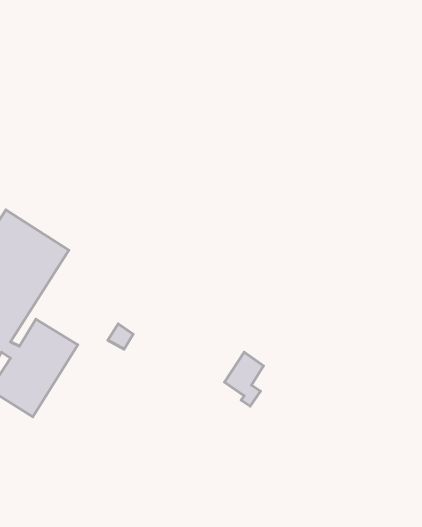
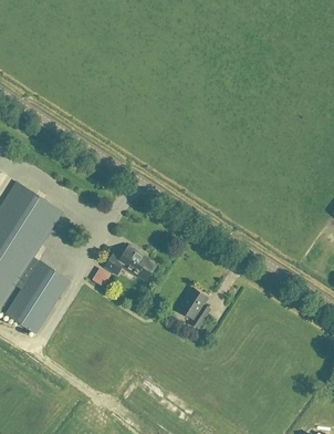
building: none -> [105,245,155,280]

